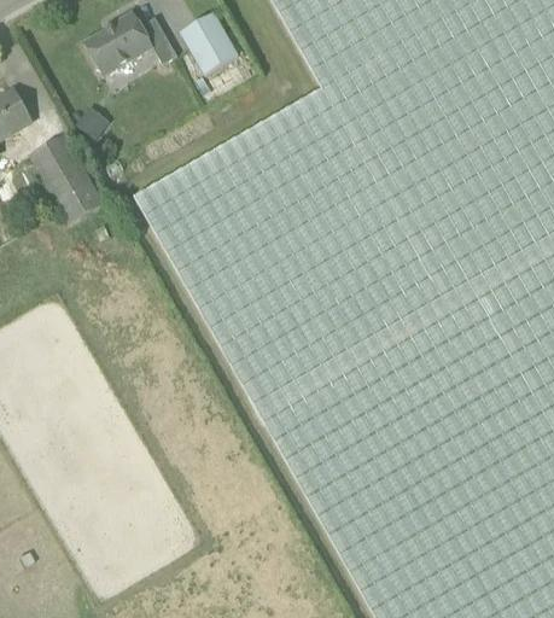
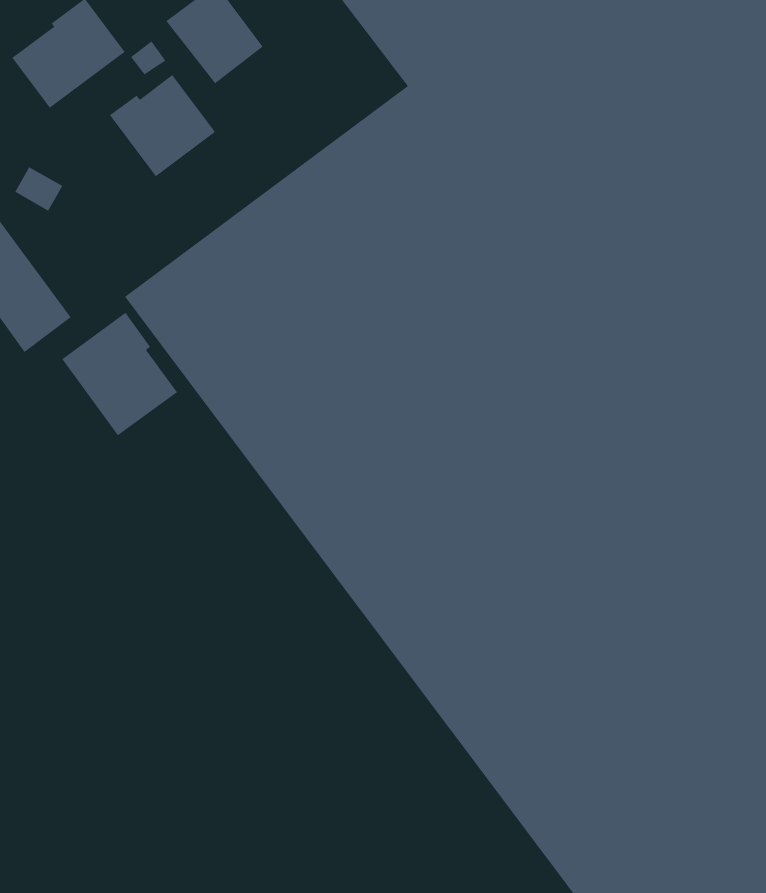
building: none -> [109,74,216,177]
building: none -> [61,312,178,436]

